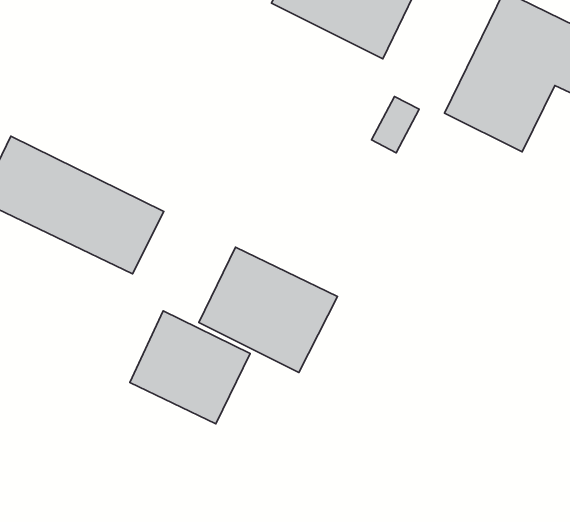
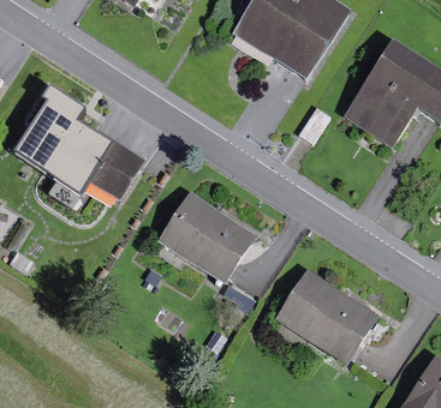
building: [130,311,250,424] -> none
building: none -> [279,270,379,362]

